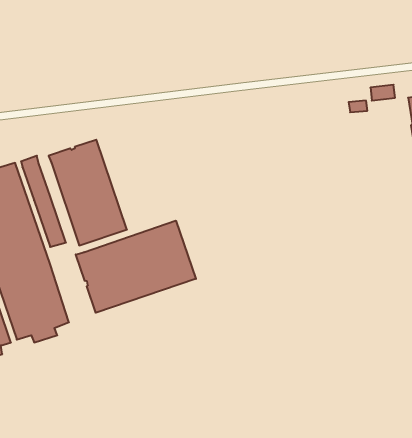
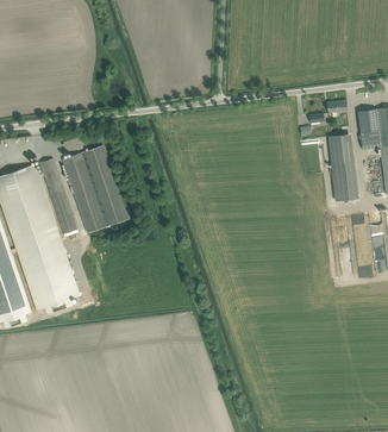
building: none -> [328,140,355,201]
building: [76,221,196,313] -> none

